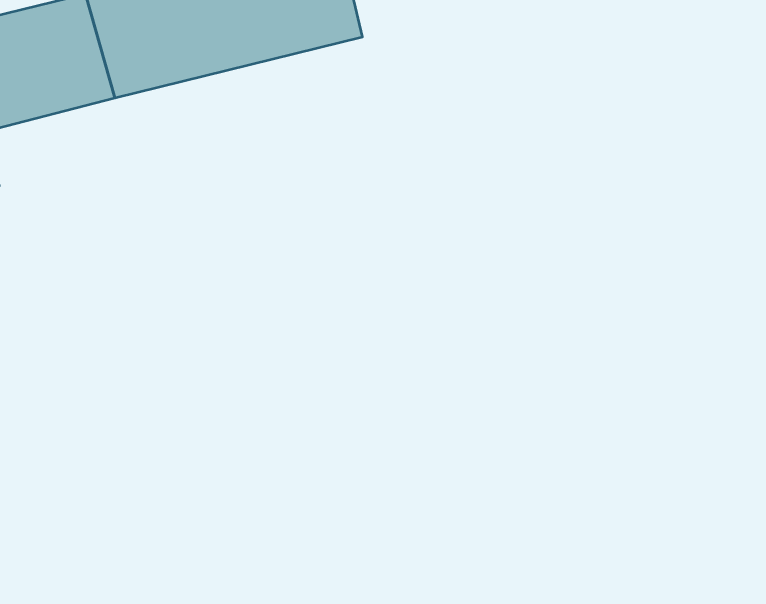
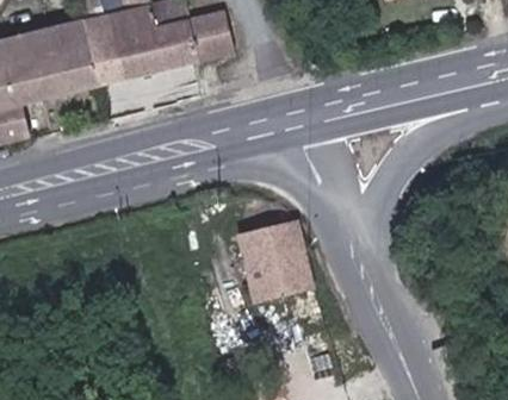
building: none -> [235,221,309,300]

